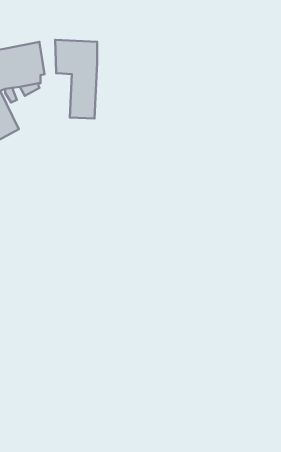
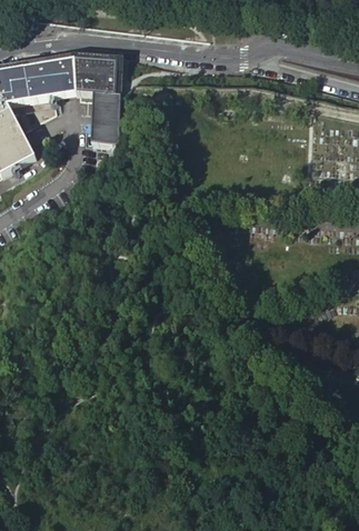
building: none -> [56,54,74,93]

